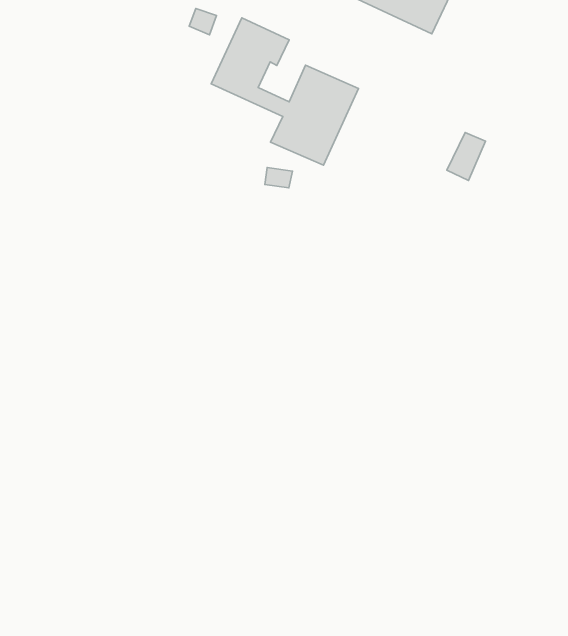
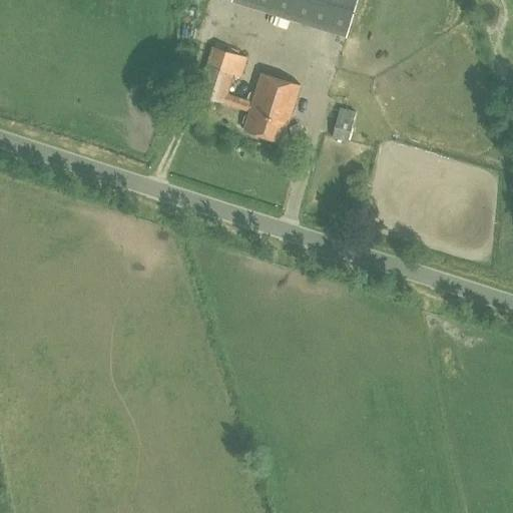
building: [447,133,485,180] -> [334,107,358,140]

